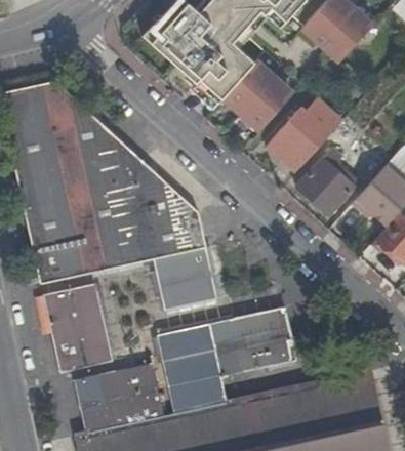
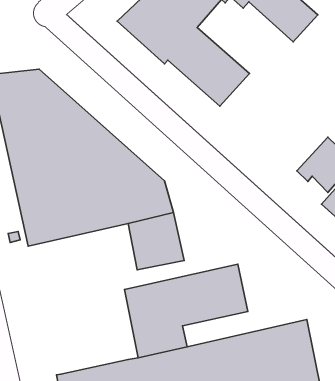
building: [267,99,342,168] -> none
building: [296,158,355,215] -> none
building: [39,284,109,372] -> none
building: [72,362,159,430] -> none

